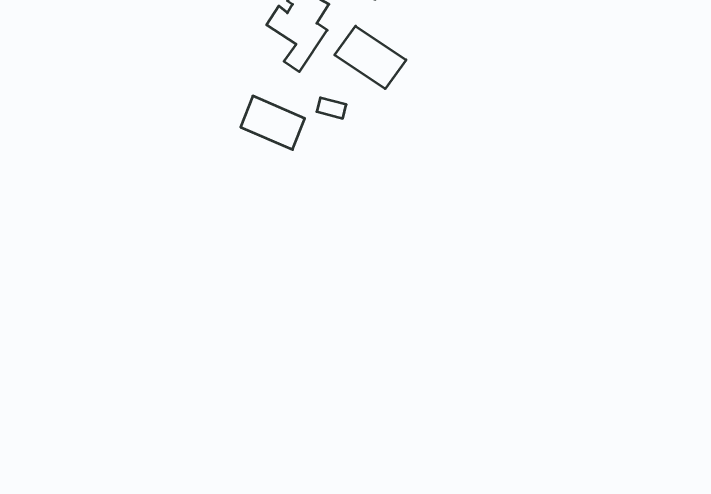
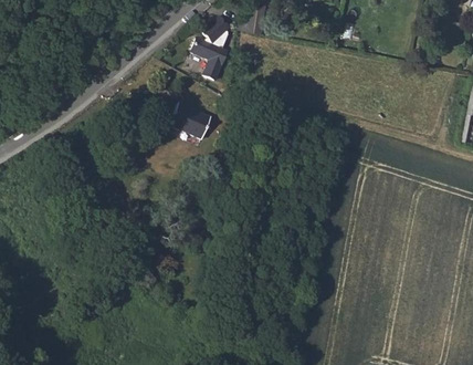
building: [335,26,406,89] -> none

